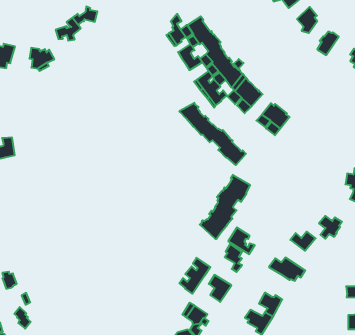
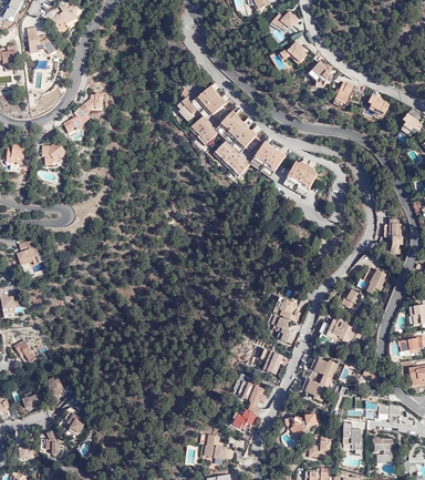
building: [180,103,246,165] -> none
building: [200,175,250,239] -> none
building: [179,258,210,294] -> none

